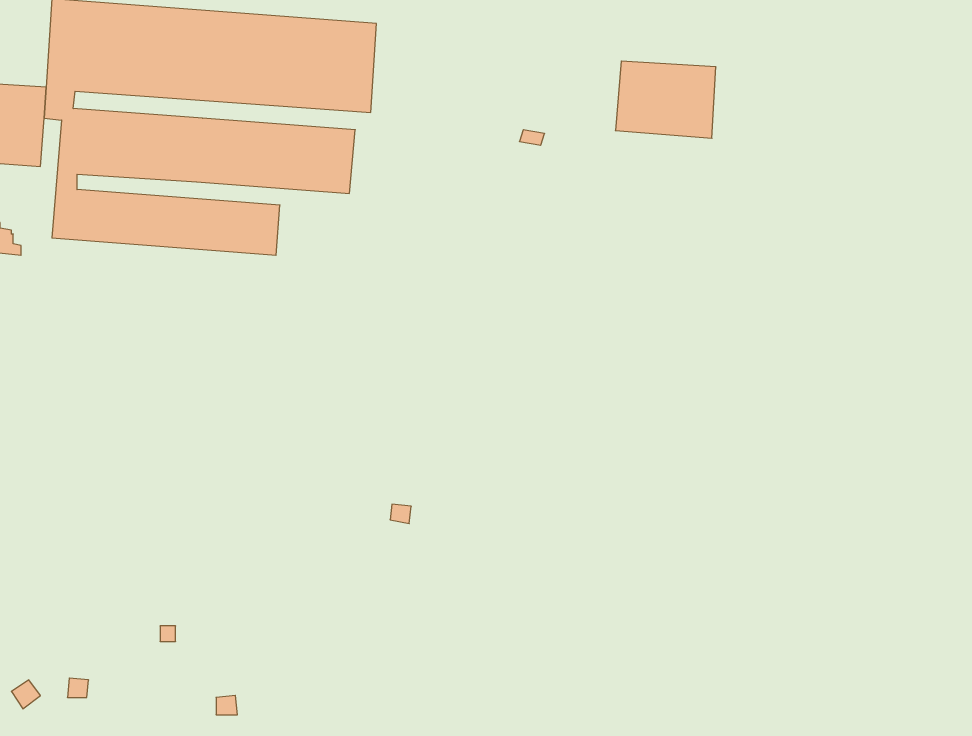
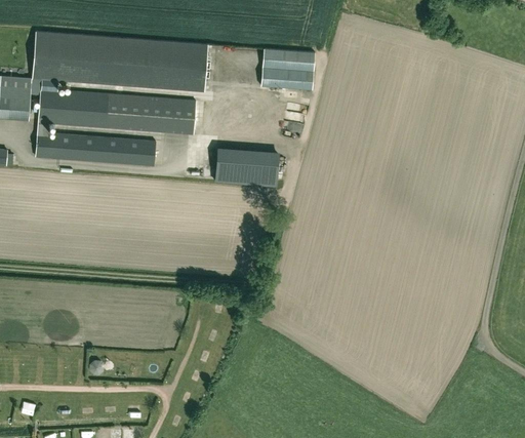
building: [615,61,716,138] -> [260,49,314,90]
building: none -> [215,149,279,187]

